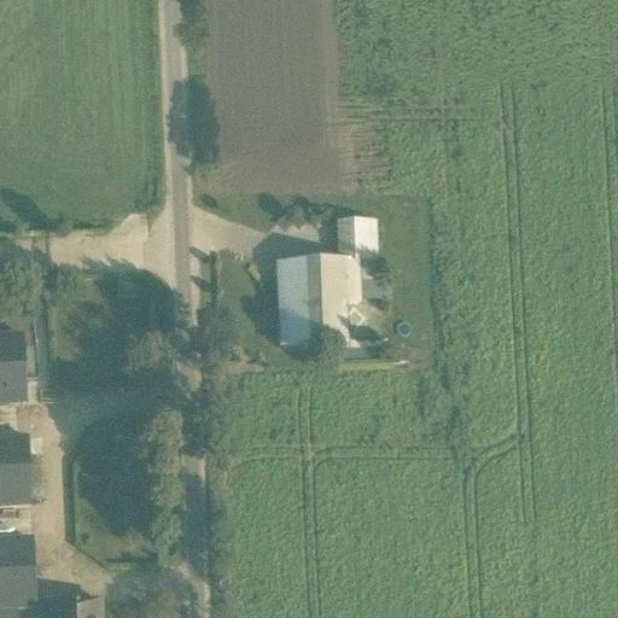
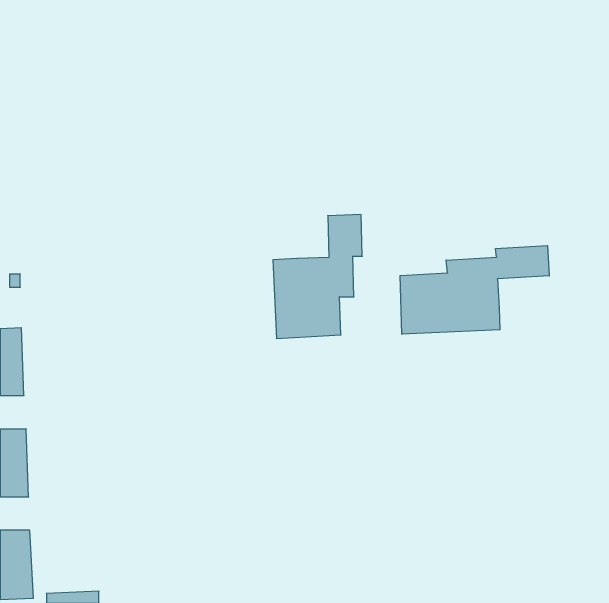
building: none -> [400,246,549,334]

